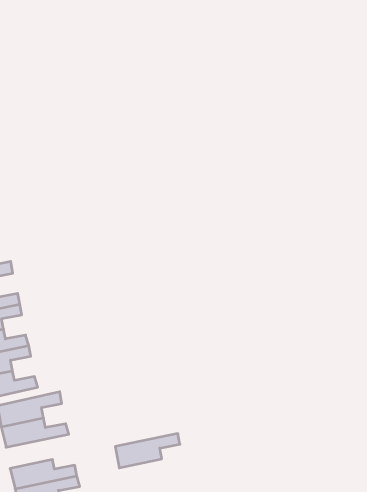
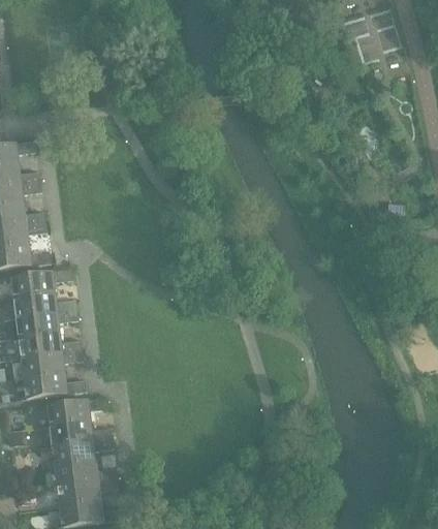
building: [115,434,180,468] -> [51,436,113,464]

